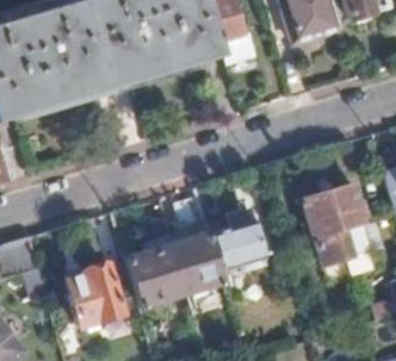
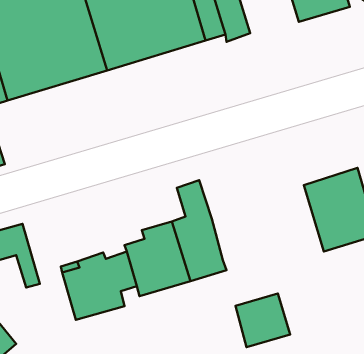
building: [212,219,265,270] -> [235,293,290,347]

